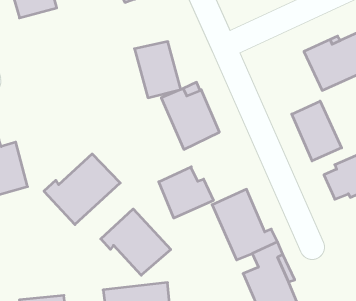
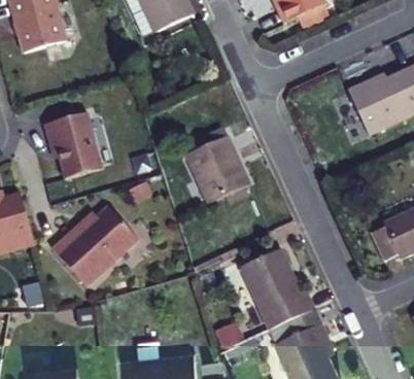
building: [134,42,181,98] -> [48,114,101,178]
building: [292,101,342,161] -> none
building: [159,167,213,218] -> none
building: [101,209,171,275] -> none

